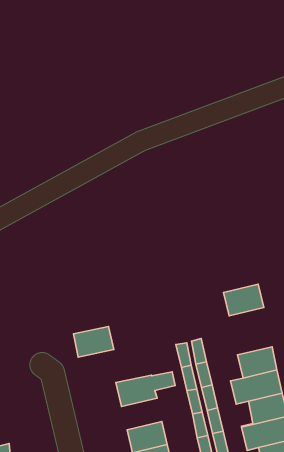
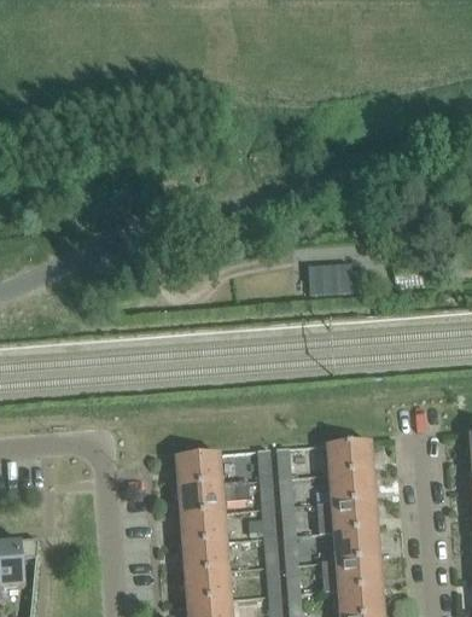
building: none -> [307,264,352,295]
building: [224,284,264,316] -> [327,442,373,475]
building: [74,326,114,357] -> [176,454,222,485]
building: none -> [180,512,226,545]

